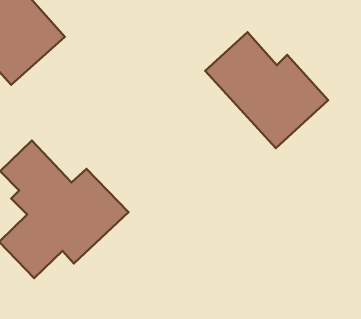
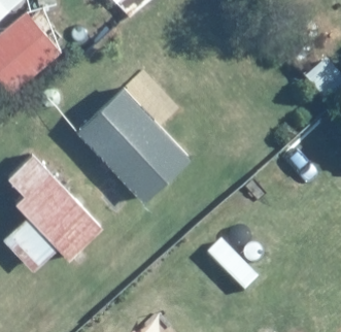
building: [205,32,328,148] -> [76,96,187,201]

